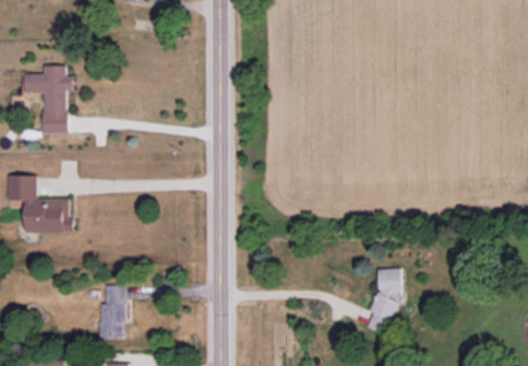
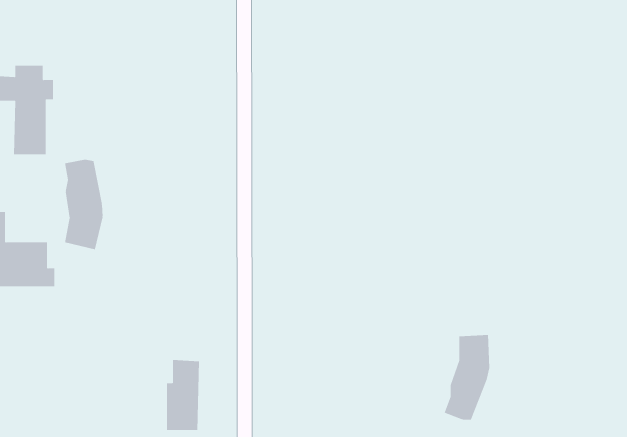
building: none -> [65,159,103,250]
building: [99,285,124,339] -> [166,360,200,431]

